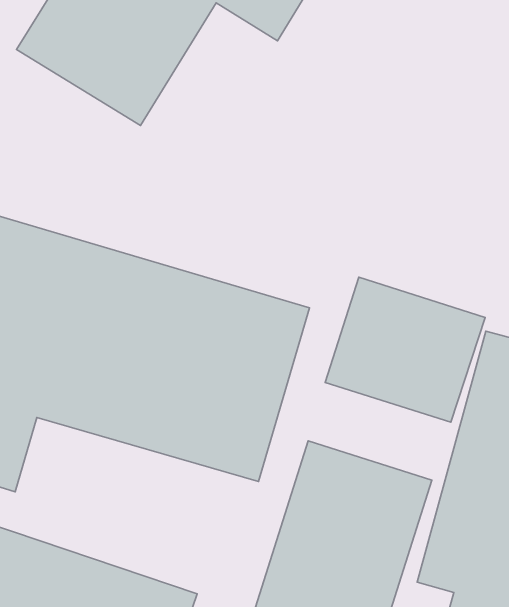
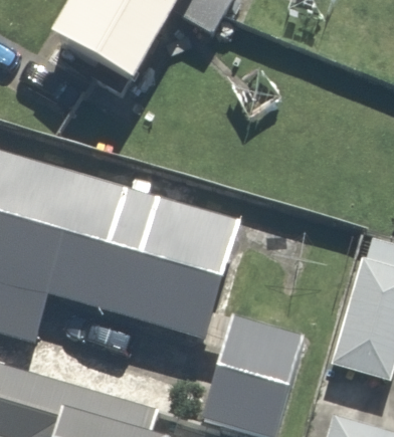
building: [325,277,485,422] -> none

